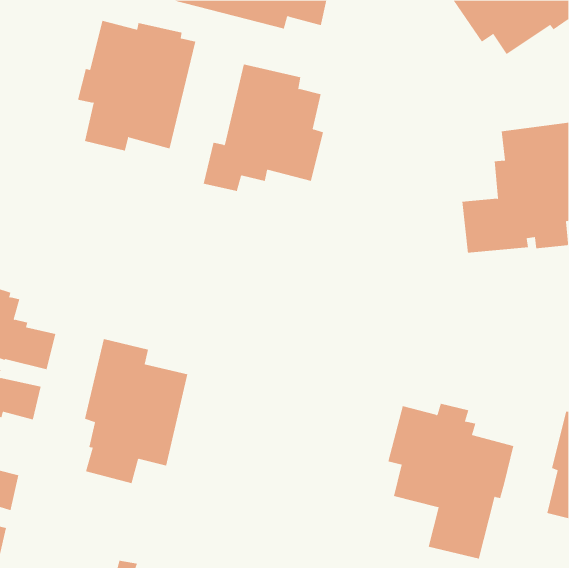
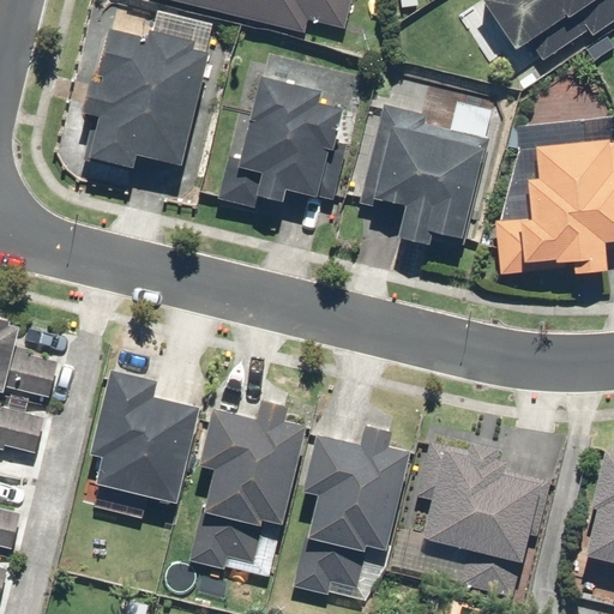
building: none -> [360,102,492,243]
building: none -> [188,396,308,572]
building: none -> [293,421,411,597]

